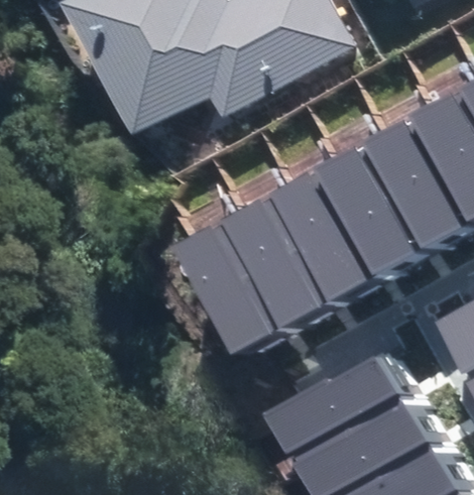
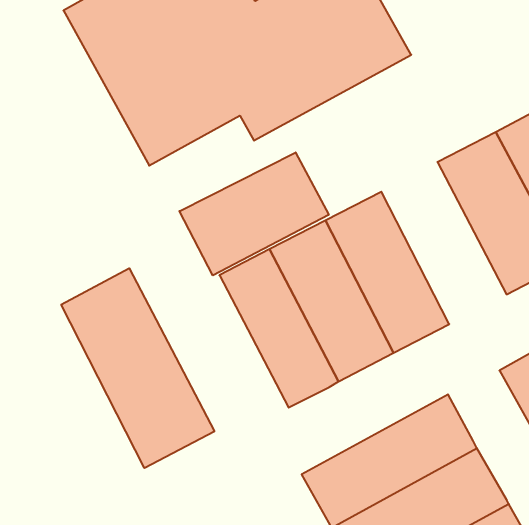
building: none -> [179,152,329,275]
building: [330,138,436,275] -> none
building: none -> [61,268,214,468]

